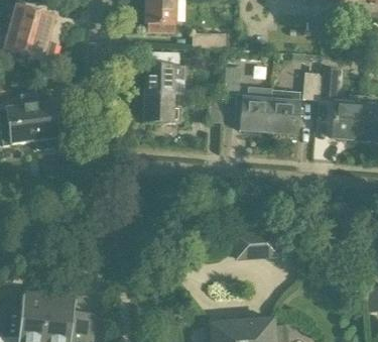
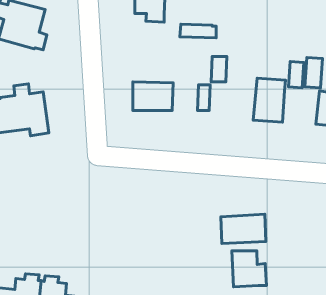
building: [143,51,184,93] -> none
building: [239,87,271,131] -> none
building: none -> [232,251,266,287]

